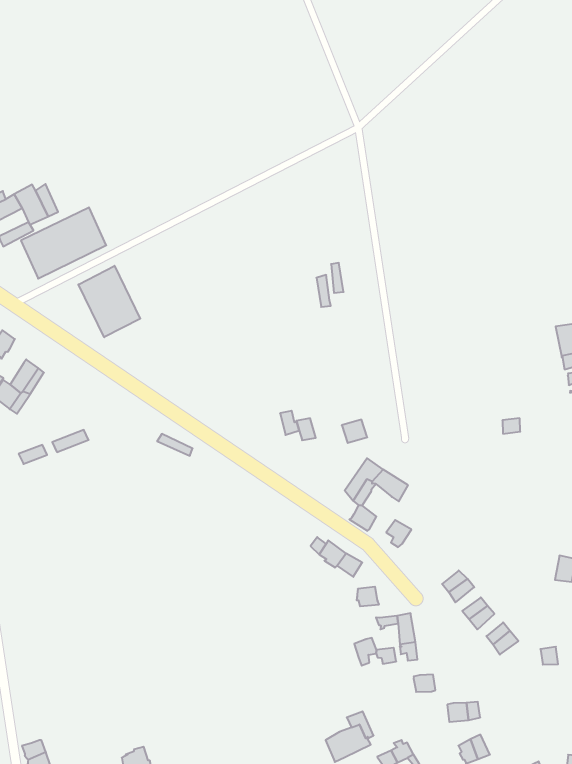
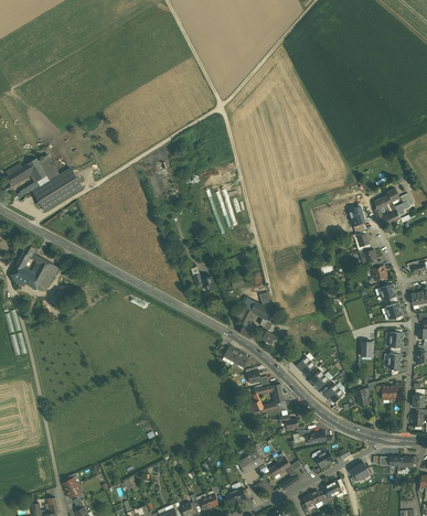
building: [78,266,140,337] -> none

